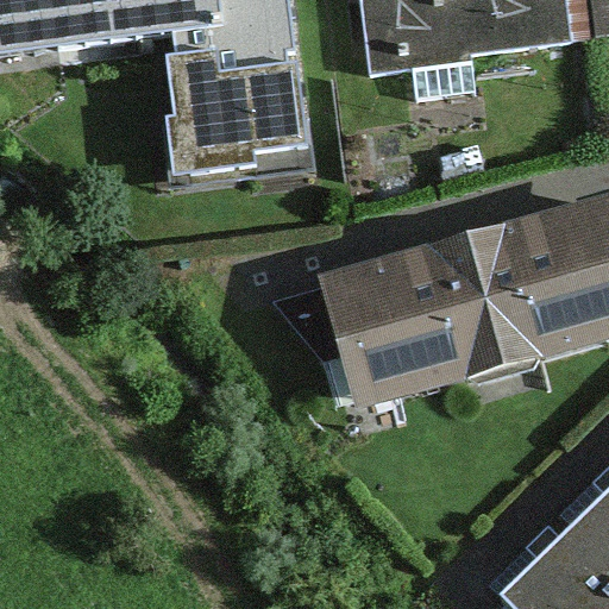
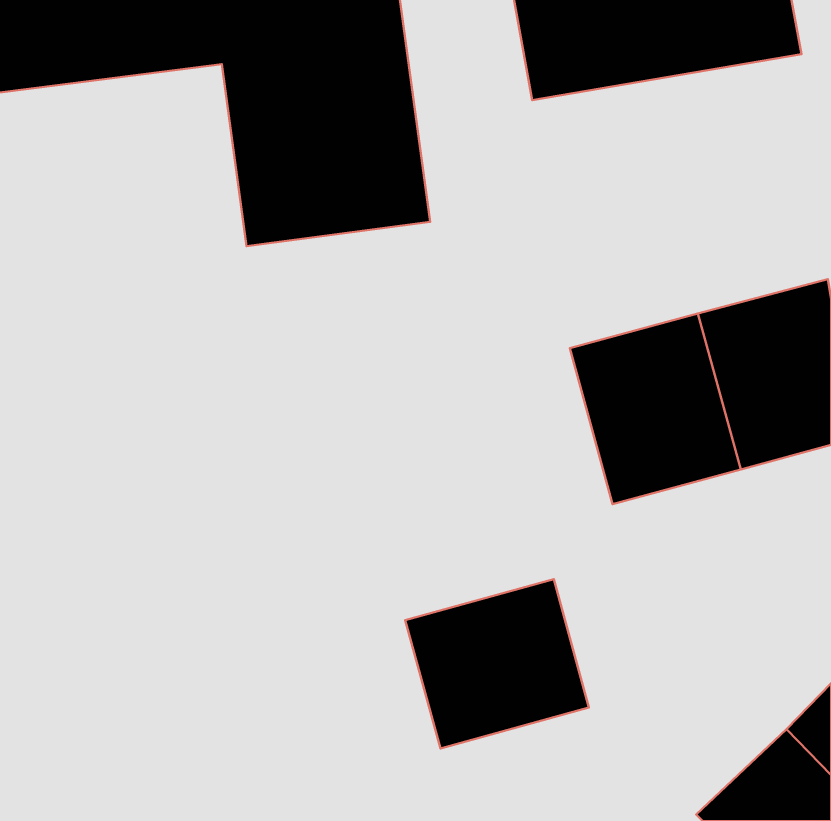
building: [320,252,444,390] -> none
building: none -> [405,579,589,749]

